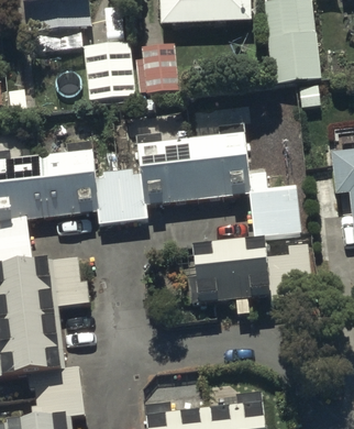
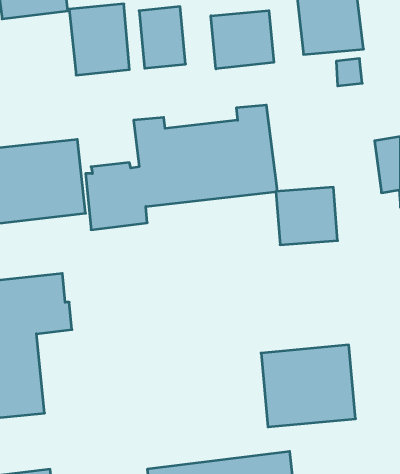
building: none -> [211,11,274,69]
building: [192,235,268,301] -> [261,345,356,427]

